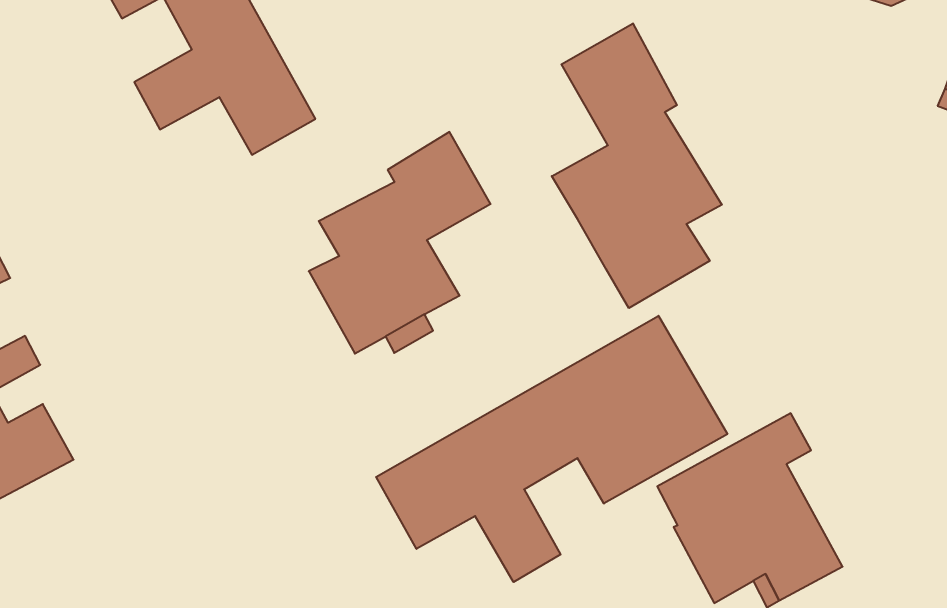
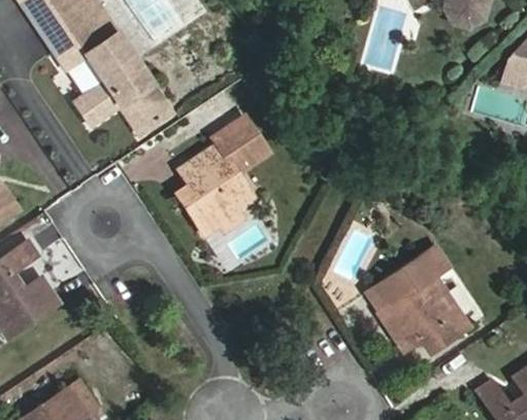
building: [552,23,722,308] -> none
building: [376,316,727,582] -> none

